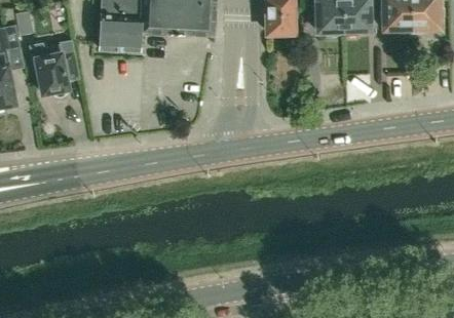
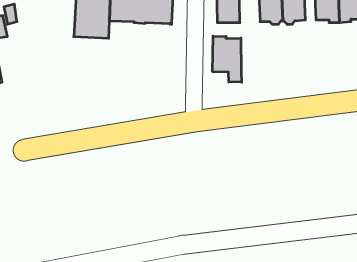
building: [30,43,79,97] -> none
building: none -> [213,36,242,82]

